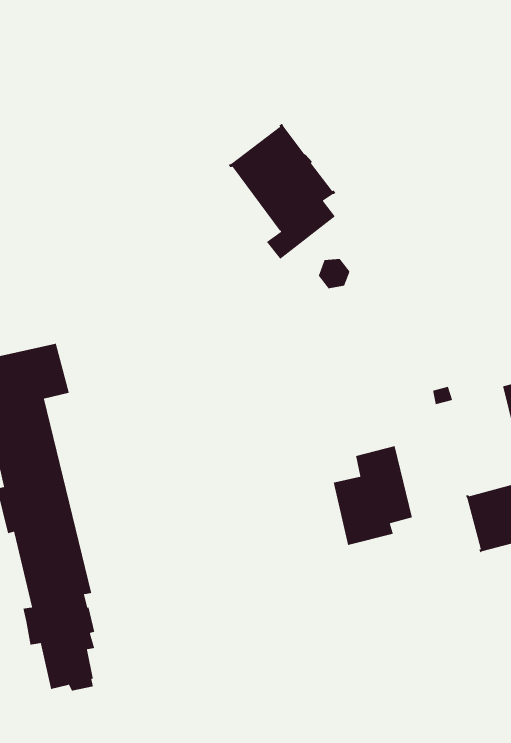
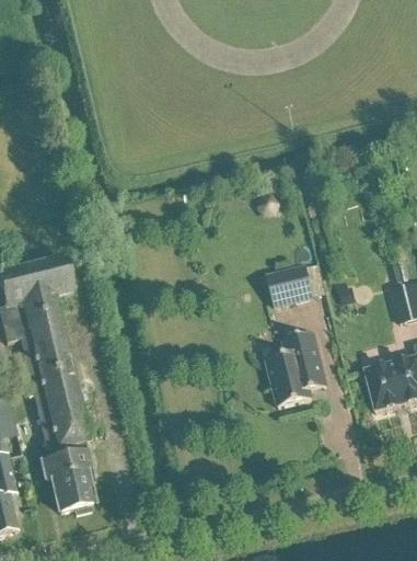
building: [228,123,336,260] -> none
building: none -> [267,263,313,302]

